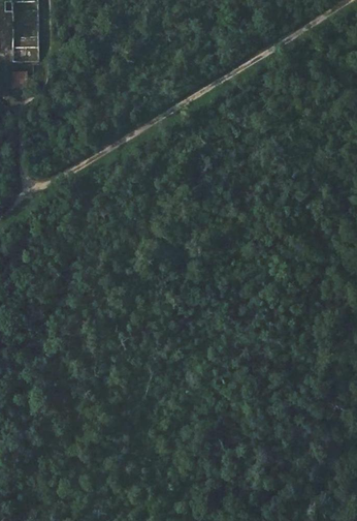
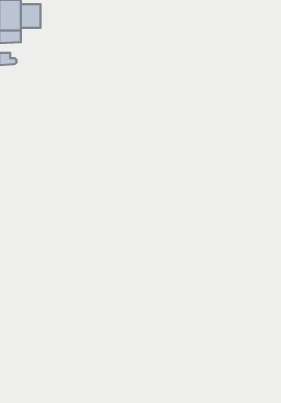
building: none -> [21,4,41,28]

